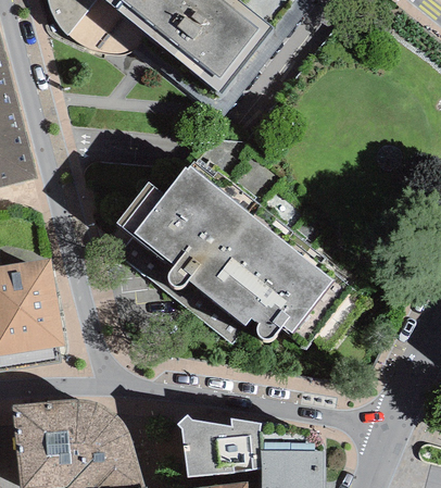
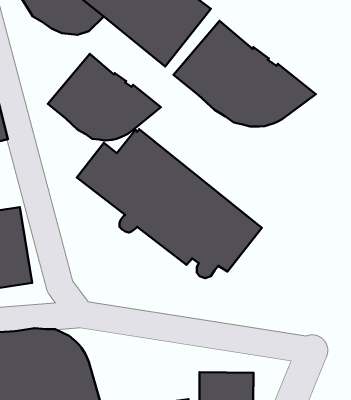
building: none -> [173,21,316,127]
building: none -> [48,54,161,141]
building: [177,414,260,477] -> none

